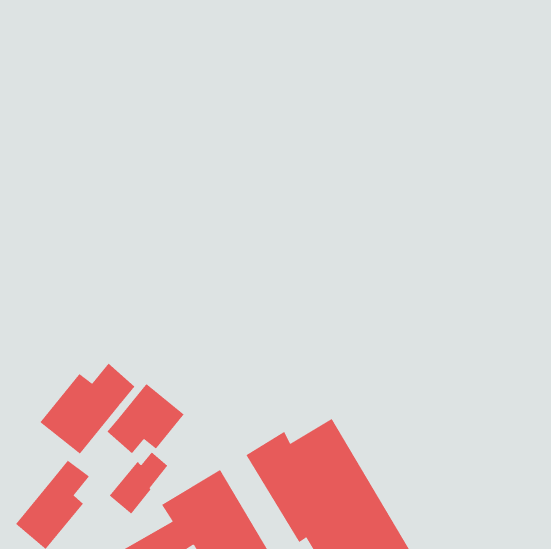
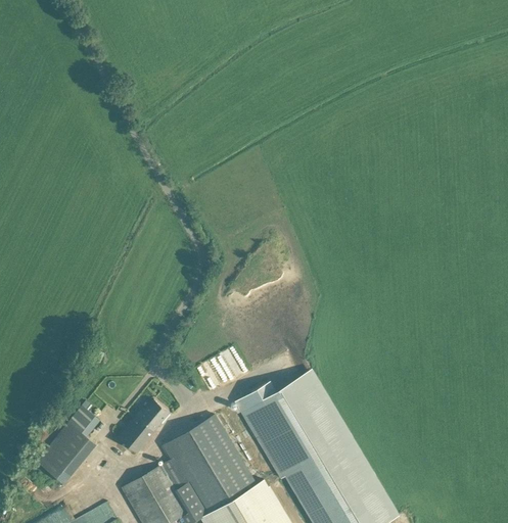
building: [40,363,135,454] -> none
building: [106,383,185,454] -> none

